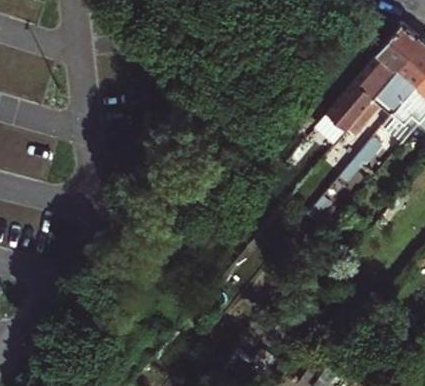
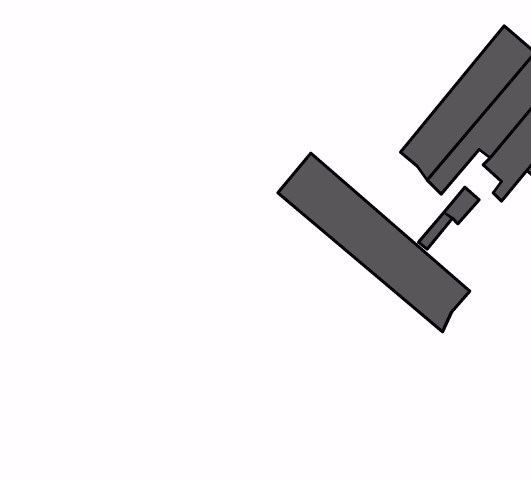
building: none -> [278,153,470,332]

